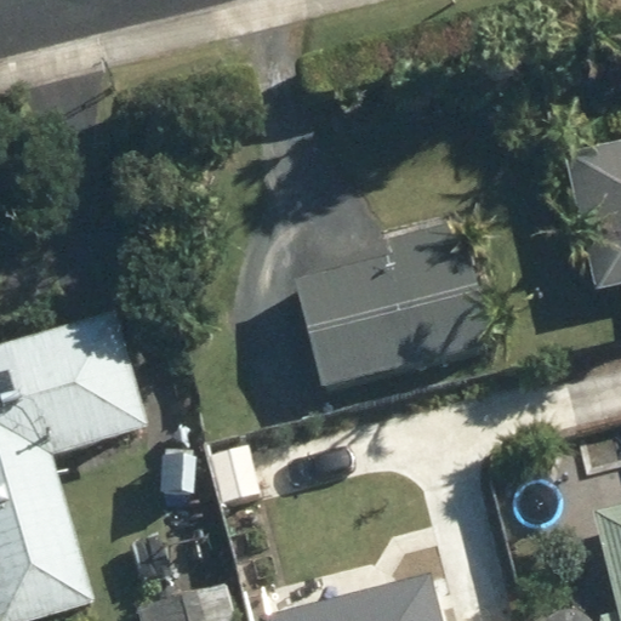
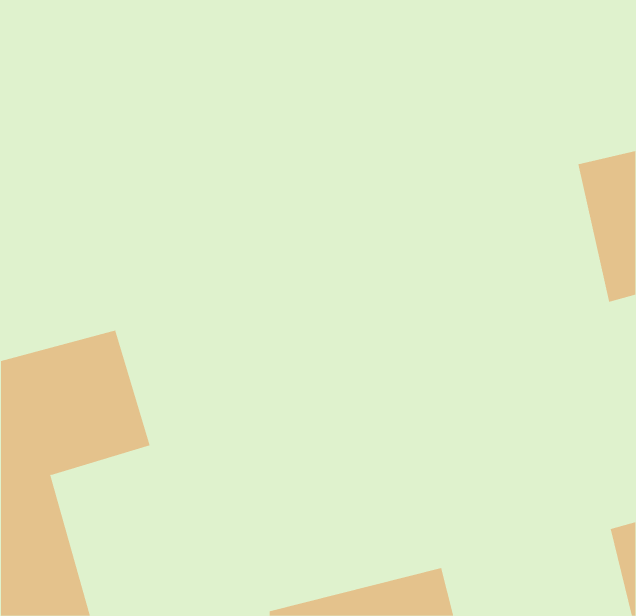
building: [292,226,491,392] -> none

